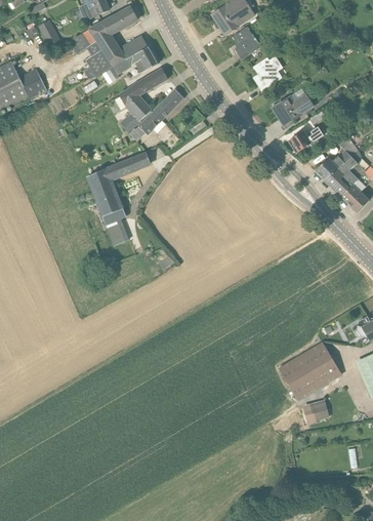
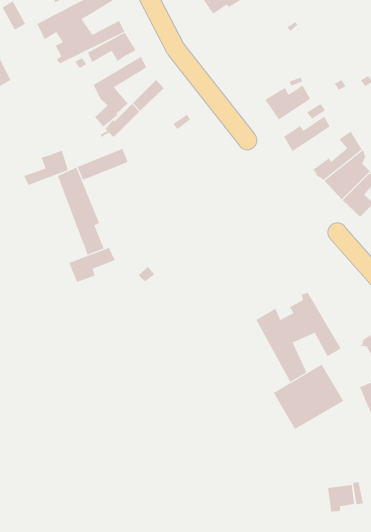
building: [232,26,260,58] -> none
building: [253,56,281,90] -> none
building: none -> [23,150,69,186]
building: none -> [69,247,115,283]
building: none -> [256,292,342,383]
building: [305,398,330,423] -> [327,485,355,512]

